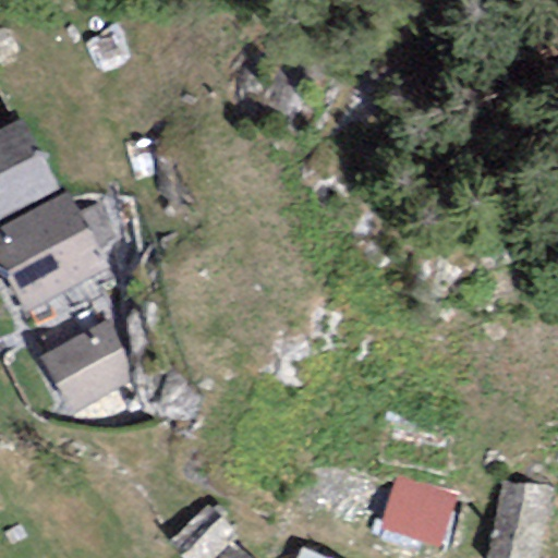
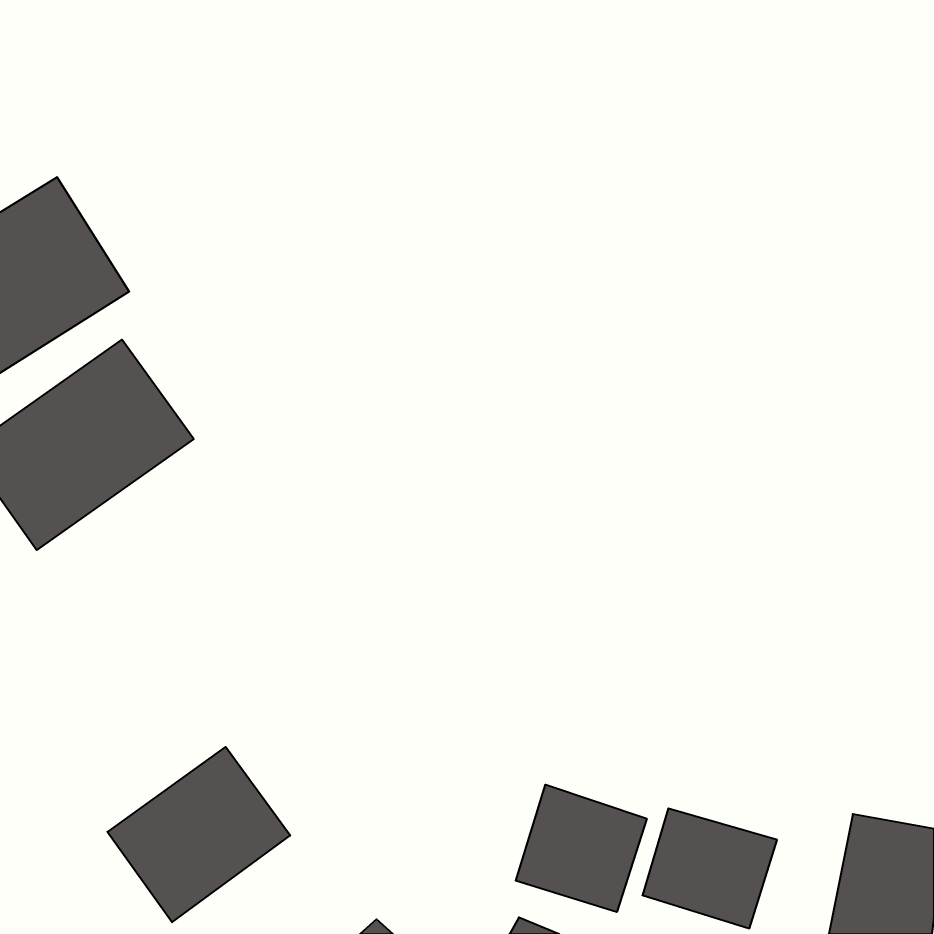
building: [27,316,135,420] -> [107,747,290,922]
building: none -> [516,785,647,912]

